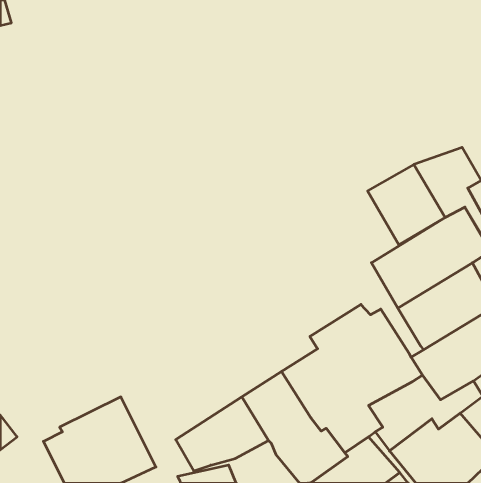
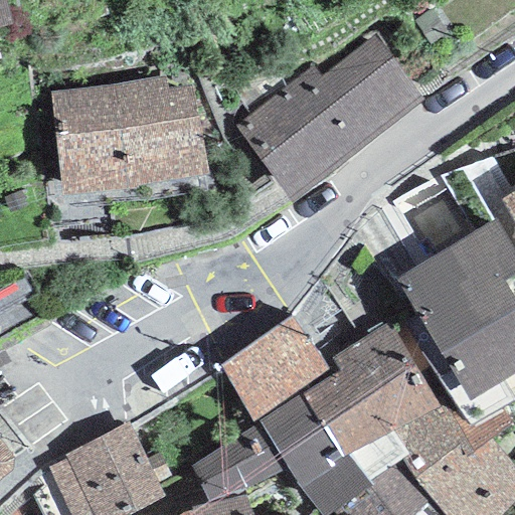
building: none -> [234,36,426,203]
building: none -> [50,74,207,191]
building: none -> [220,318,333,421]

